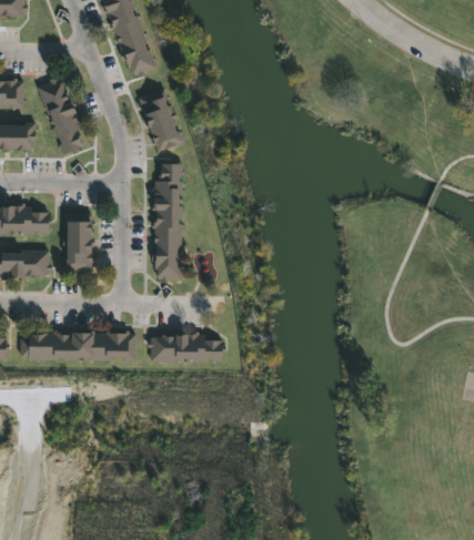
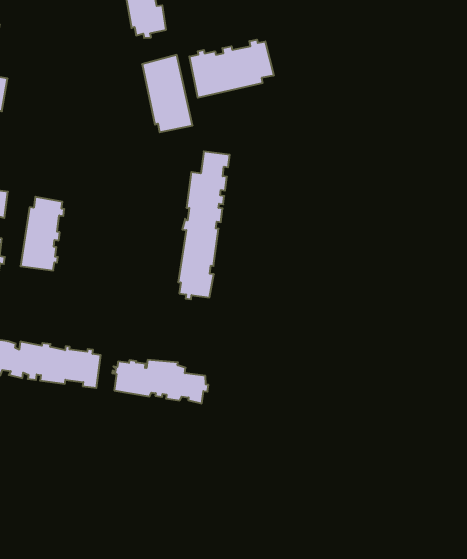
building: none -> [189,40,274,98]
building: [38,79,83,156] -> none
building: [152,163,182,282] -> [178,151,230,299]

